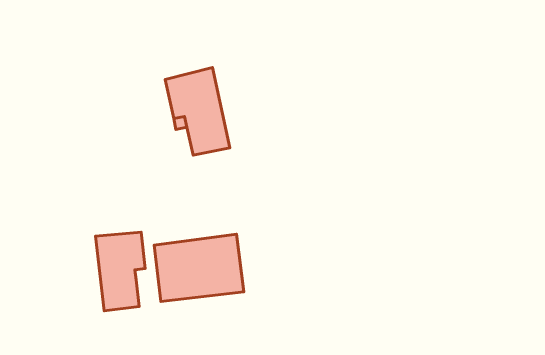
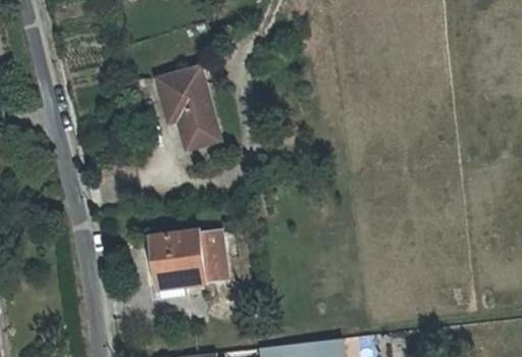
building: [96,232,145,311] -> none

